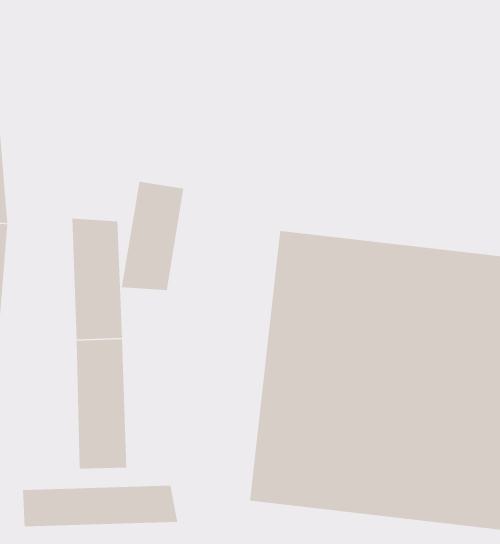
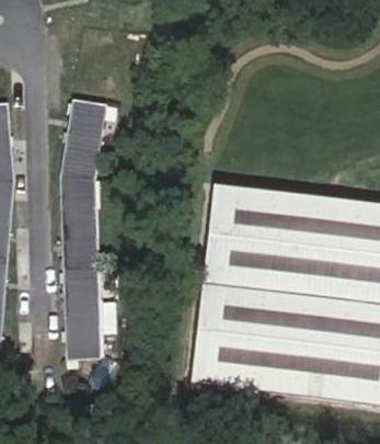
building: [121,181,184,291] -> [61,98,107,178]
building: [22,485,178,527] -> none

